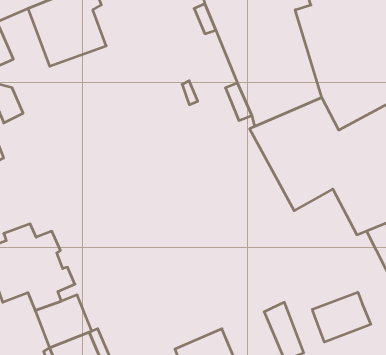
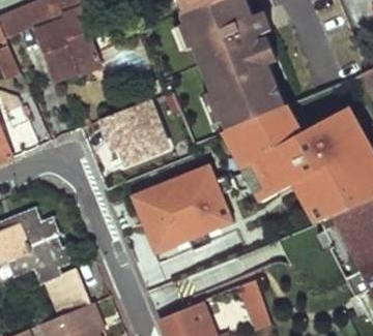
building: none -> [102,100,166,161]
building: none -> [131,163,233,253]
building: [312,292,371,342] -> none

